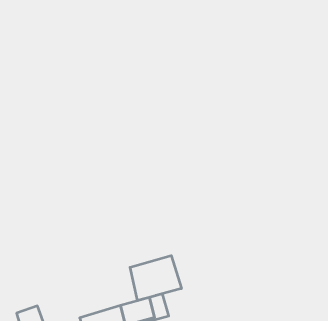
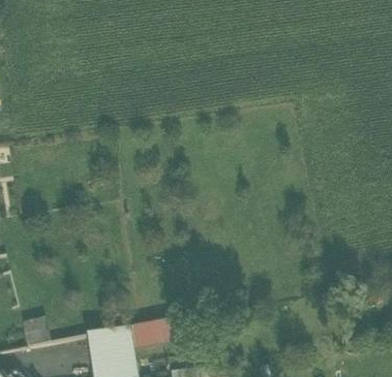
building: [130,256,181,301] -> none

